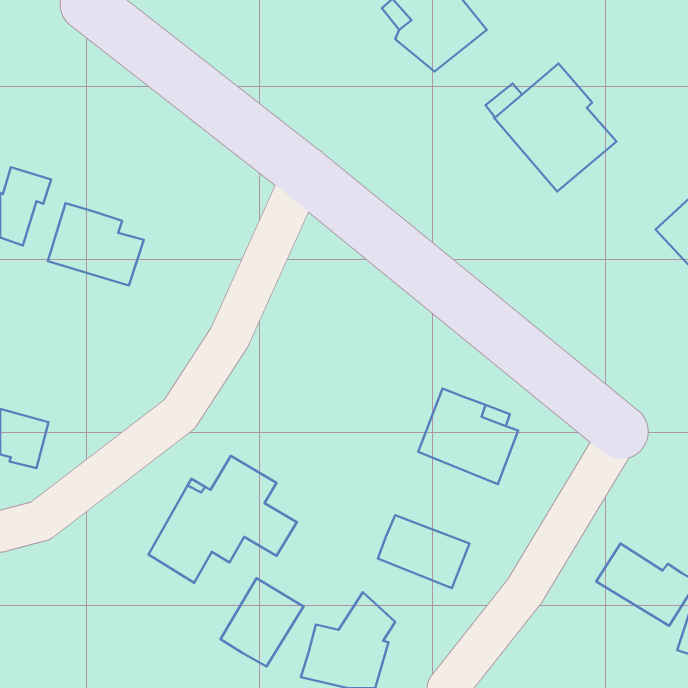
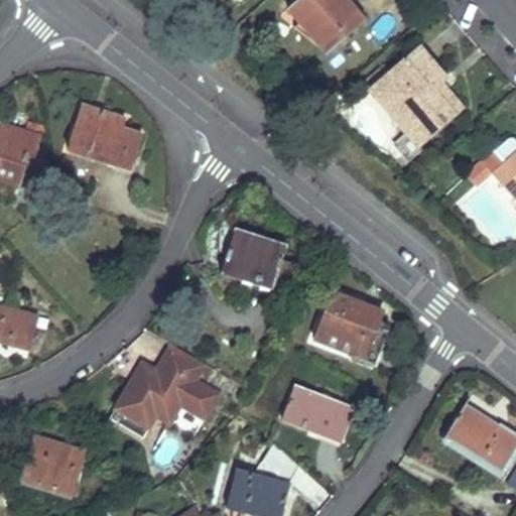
building: [48,203,144,286] -> [70,106,141,167]
building: none -> [221,230,294,293]
building: [220,578,303,666] -> none
building: none -> [20,435,86,496]

